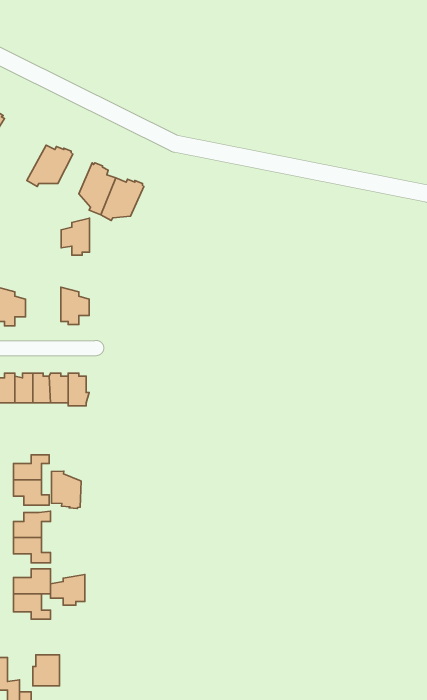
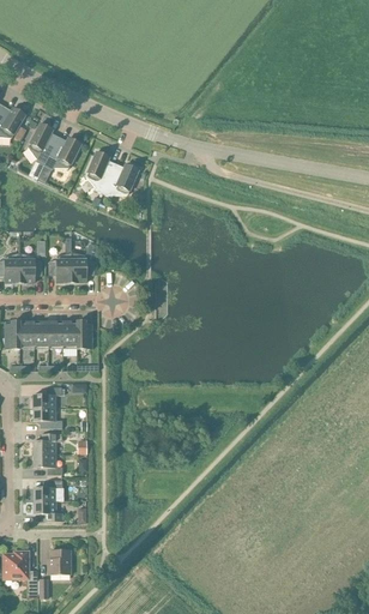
building: none -> [28,122,59,165]
building: [61,218,89,255] -> [48,252,71,282]
building: [51,471,81,509] -> none
building: [51,575,85,605] -> none

